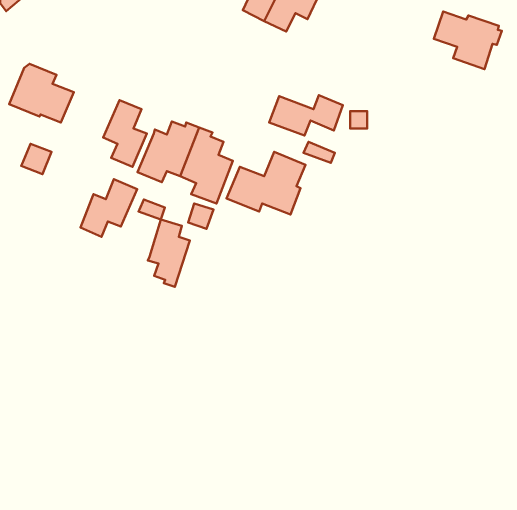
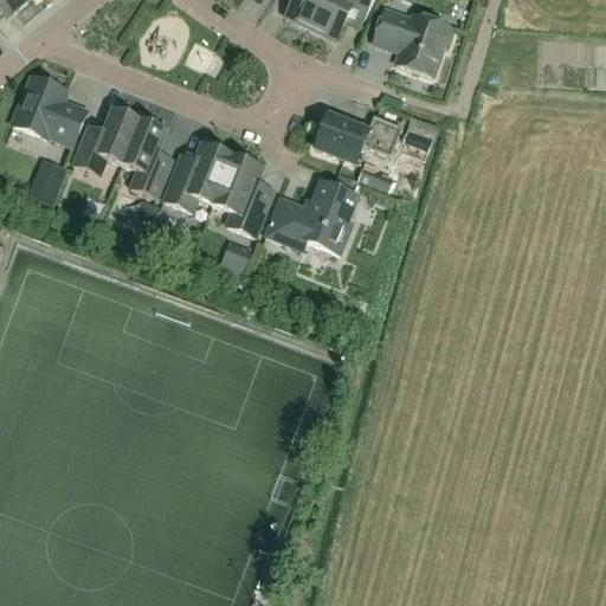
building: [434,12,502,69] -> [373,6,452,73]
building: [80,179,137,237] -> [73,105,140,173]
building: [148,220,190,287] -> none

